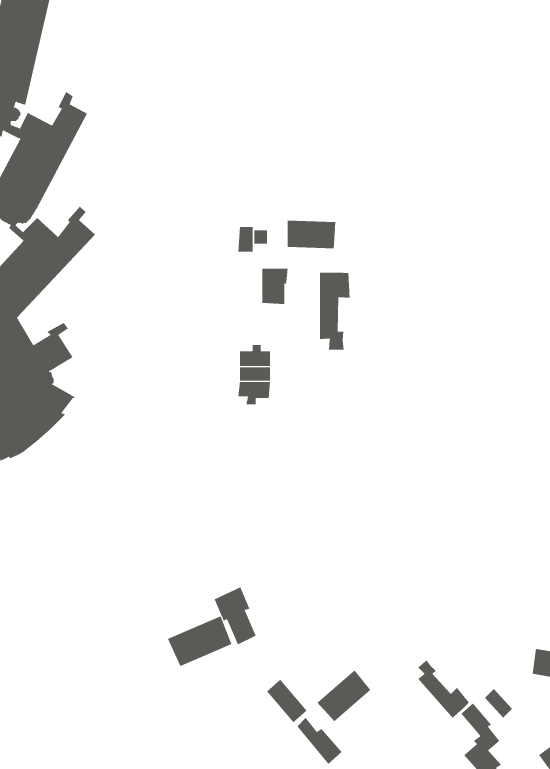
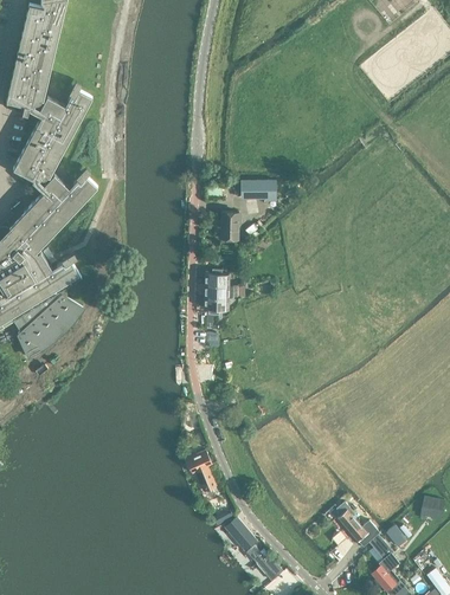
building: [319,272,350,351] -> none
building: [167,616,232,667] -> none
building: [317,670,371,722] -> none

